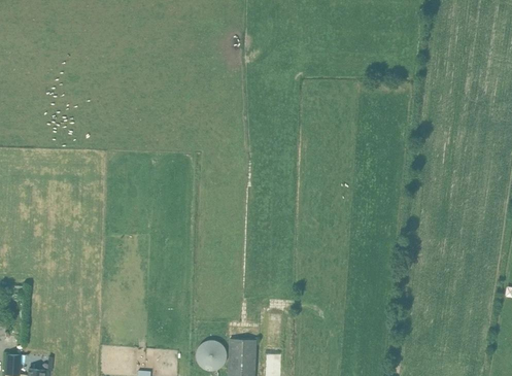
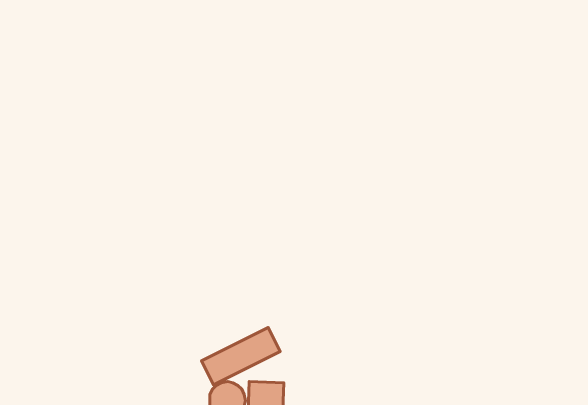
building: none -> [202,327,280,385]

